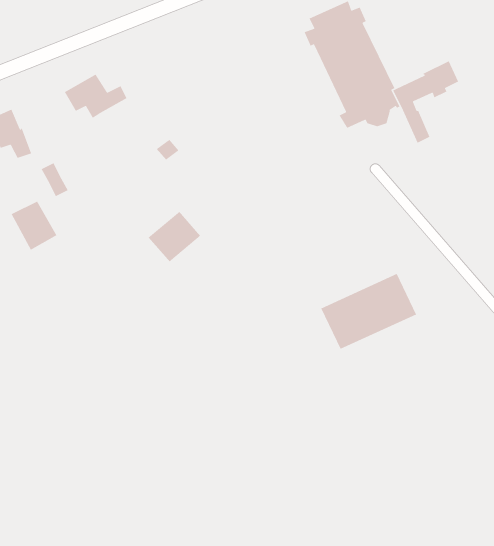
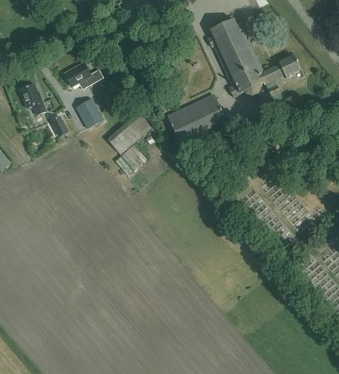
building: none -> [106,112,150,154]
building: [11,201,57,251] -> [75,98,103,128]
building: [320,273,417,350] -> [167,94,225,140]

